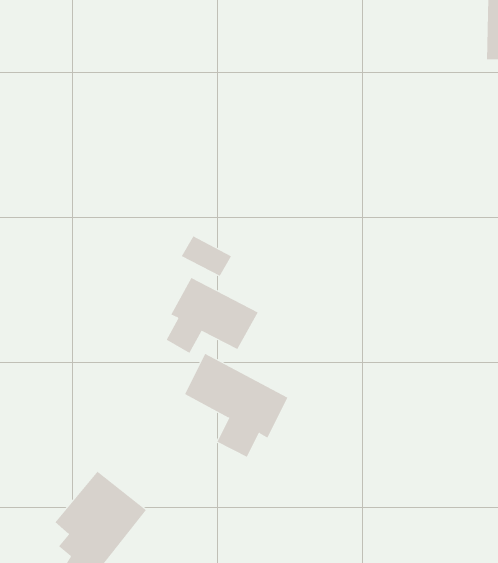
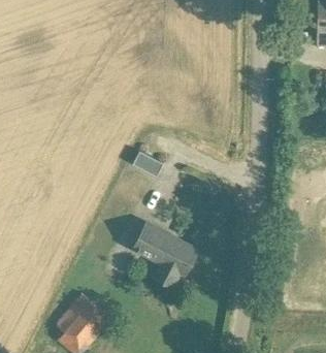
building: [166,277,258,354] -> none

